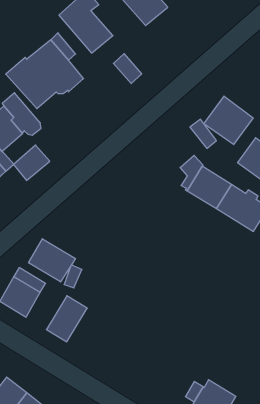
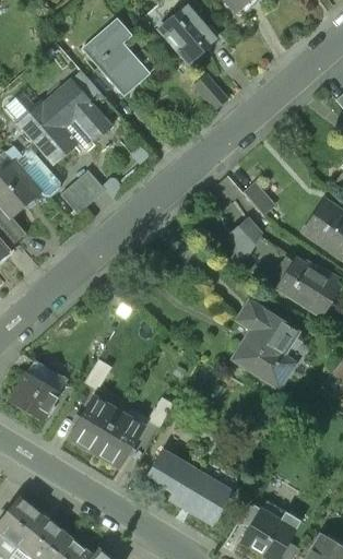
building: [113,54,142,84] -> [192,73,227,110]
building: [204,96,253,145] -> none
building: [13,145,50,180] -> [61,169,106,213]
building: none -> [233,301,296,386]
building: [29,239,75,282] -> none
building: none -> [92,411,144,468]
building: none -> [145,451,230,524]

